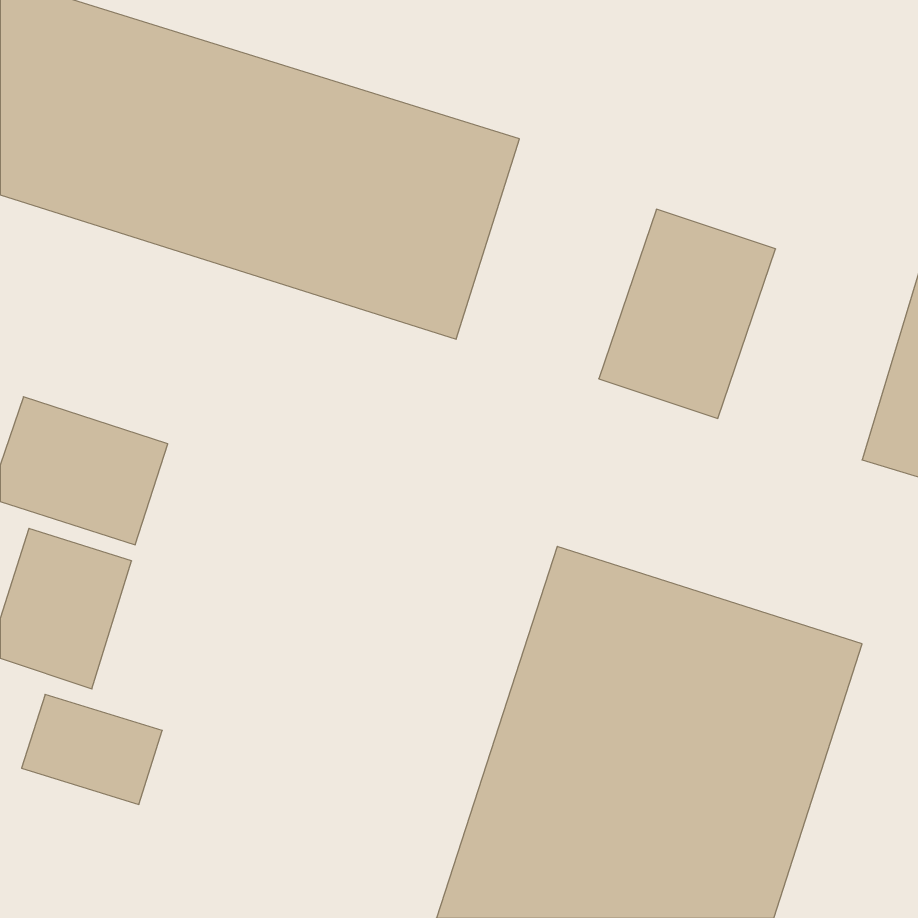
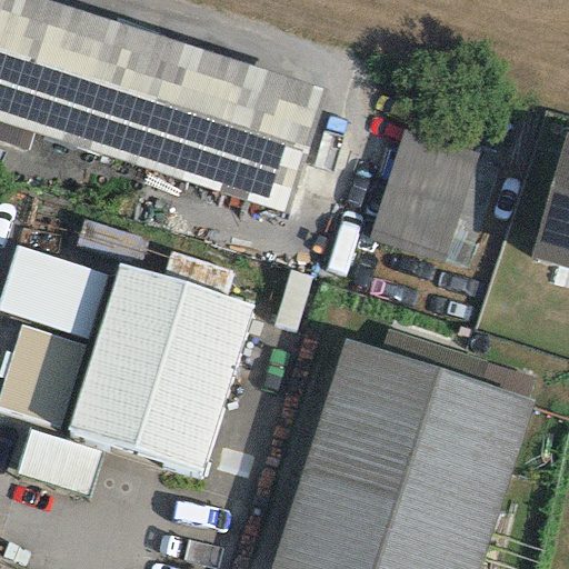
building: none -> [68,262,254,470]

